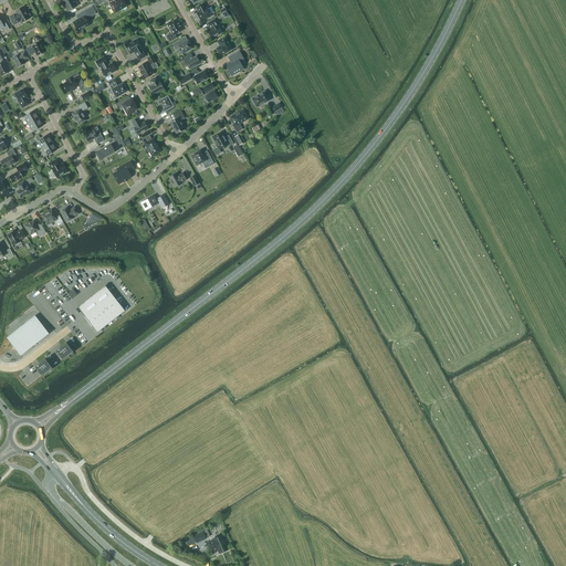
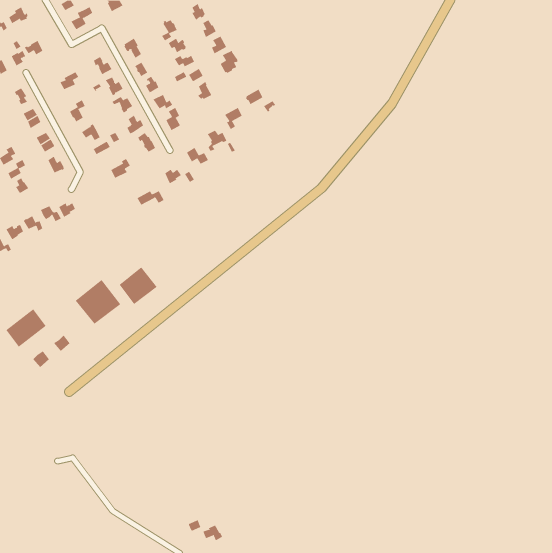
building: none -> [119,266,158,305]

